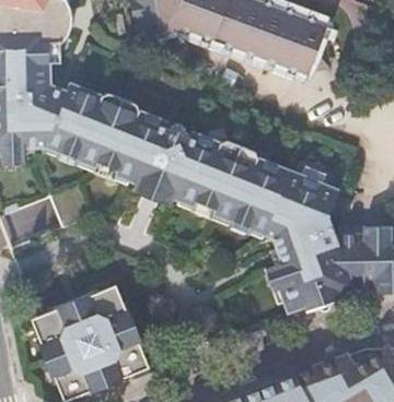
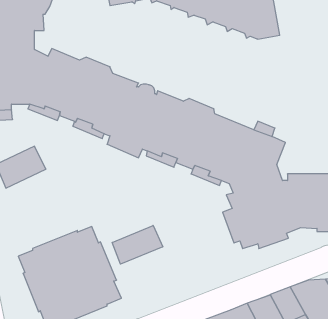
building: none -> [112,225,163,264]

